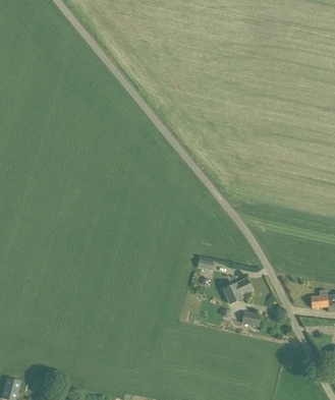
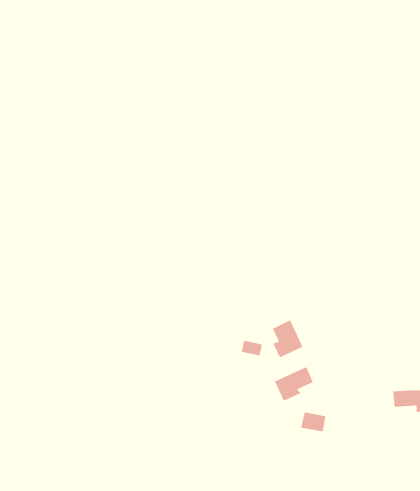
building: none -> [272,319,304,358]

